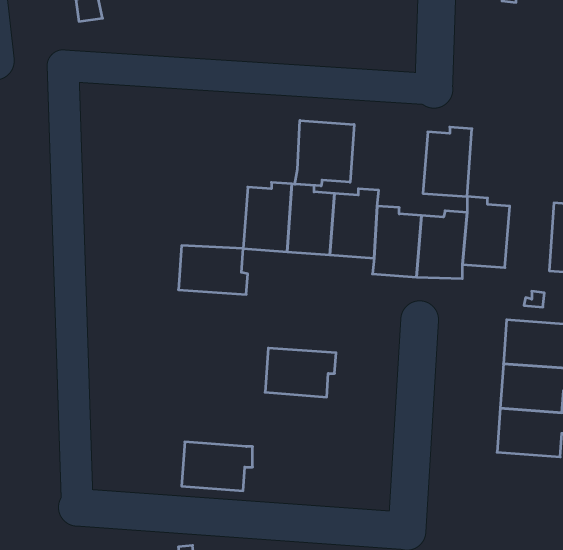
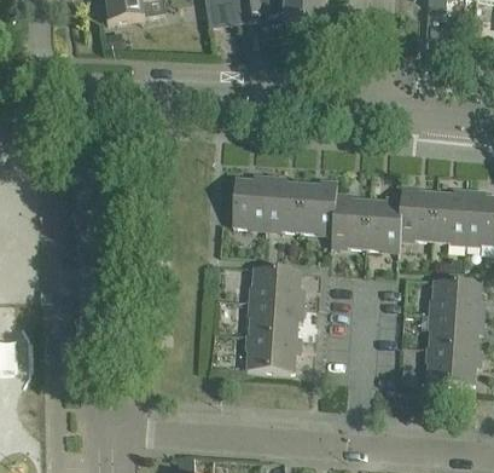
building: [295,120,354,186] -> none
building: [423,127,472,197] -> [432,188,470,241]
building: [178,246,248,294] -> [251,266,304,304]
building: [182,442,253,491] -> [246,334,301,371]

